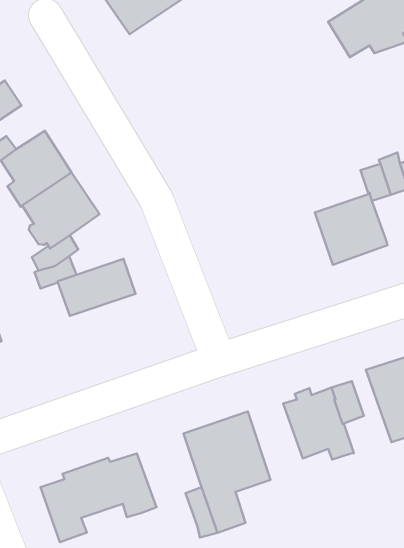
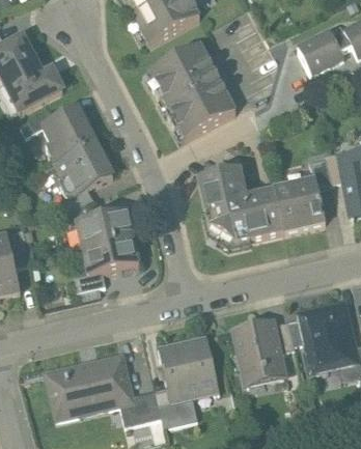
building: none -> [149,45,234,136]
building: none -> [198,168,282,241]
building: none -> [82,236,139,274]
building: none -> [120,388,161,422]

